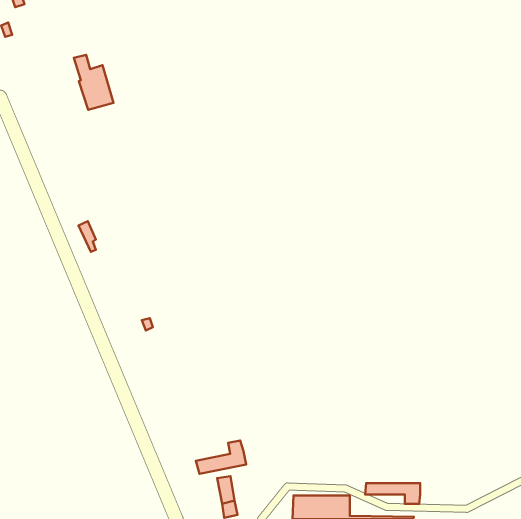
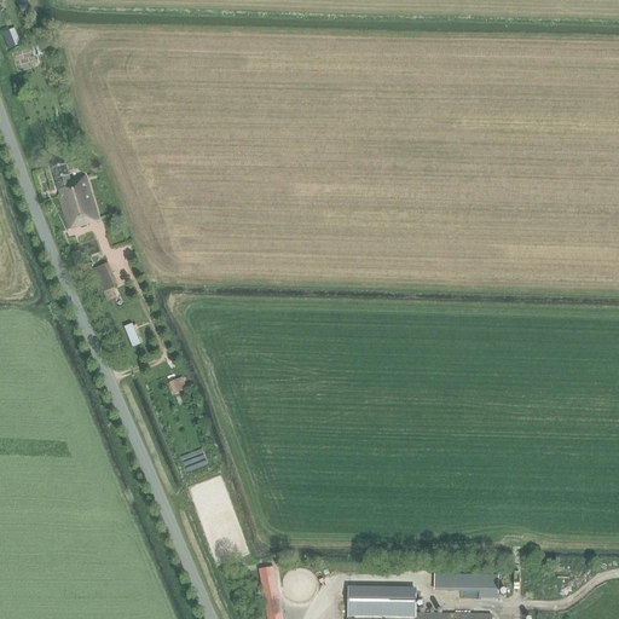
building: [74,55,114,110] -> [51,162,98,227]
building: [196,441,246,474] -> none

